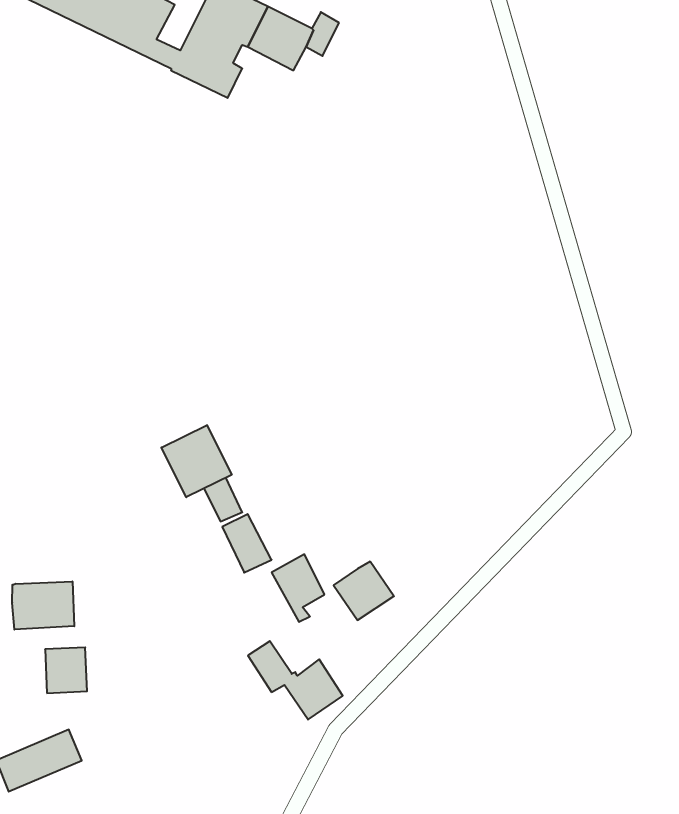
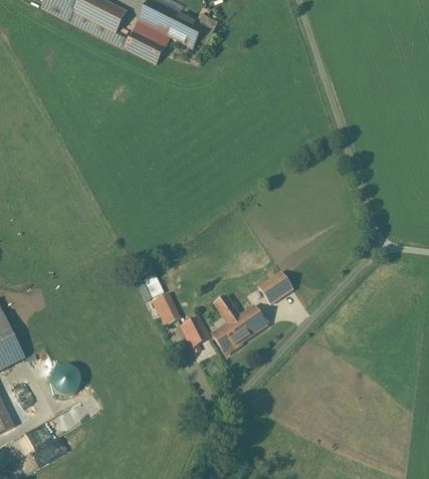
building: [161,425,232,497] -> none
building: none -> [258,270,291,303]
building: [12,581,74,630] -> none
building: [248,641,343,720] -> [214,293,266,336]

